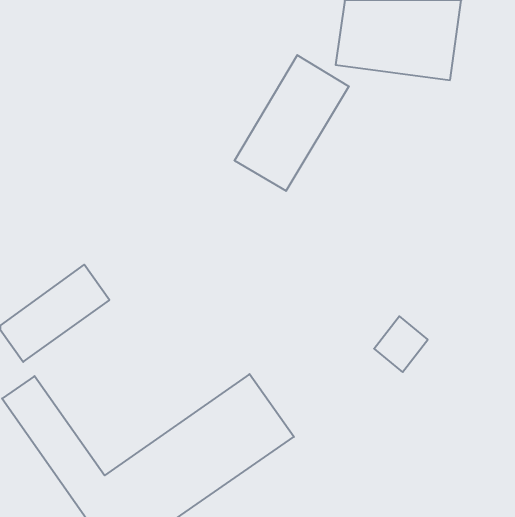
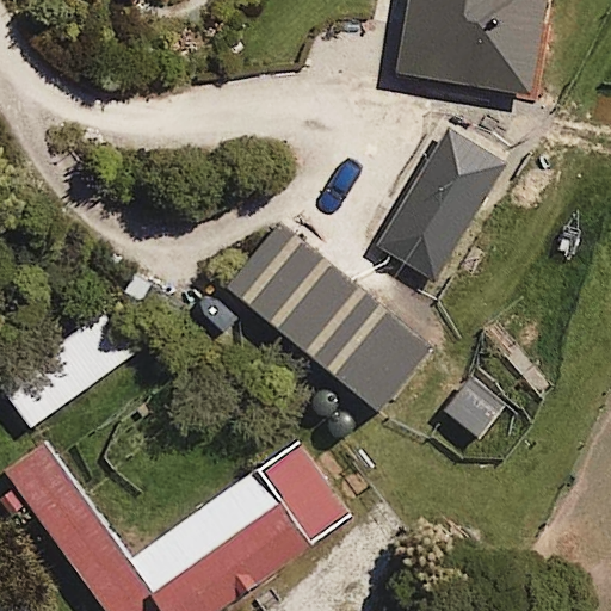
building: [234,55,349,191] -> [376,123,511,283]
building: none -> [226,218,433,413]

